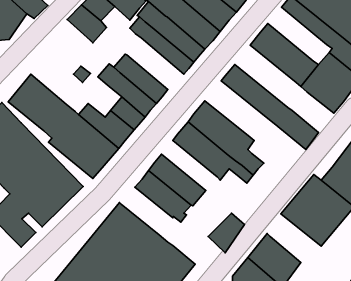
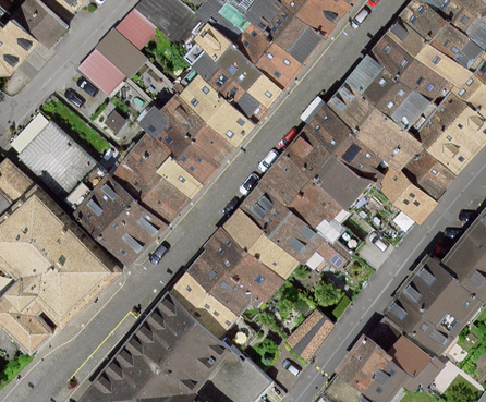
building: none -> [367,31,447,103]
building: none -> [77,47,127,96]
building: none -> [177,72,254,144]
building: none -> [323,82,457,199]
building: none -> [282,130,372,210]
building: none -> [124,133,170,179]
building: none -> [223,210,299,278]
building: none -> [169,273,255,352]
building: none -> [370,322,442,386]

